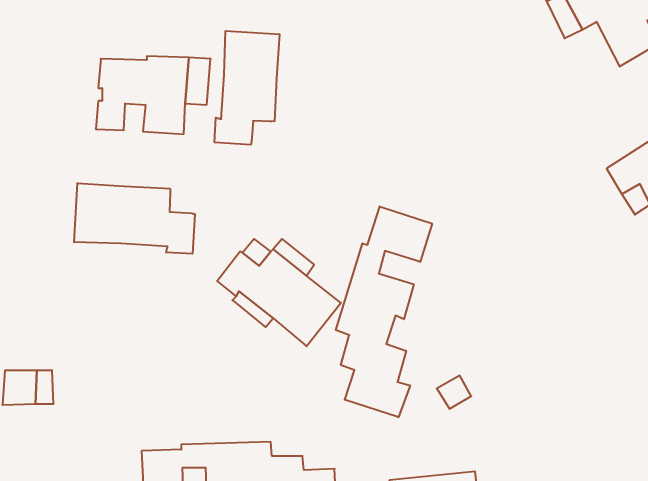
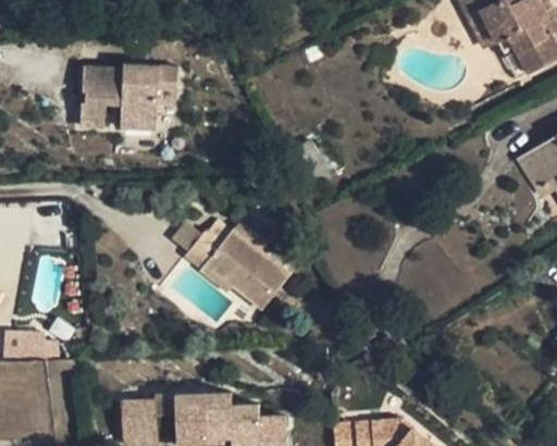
building: [215,31,279,145] -> none
building: [74,183,195,254] -> none
building: [336,206,432,417] -> none

